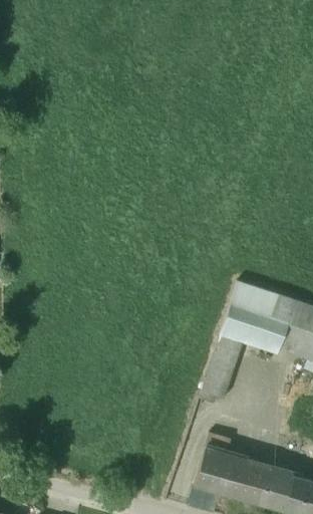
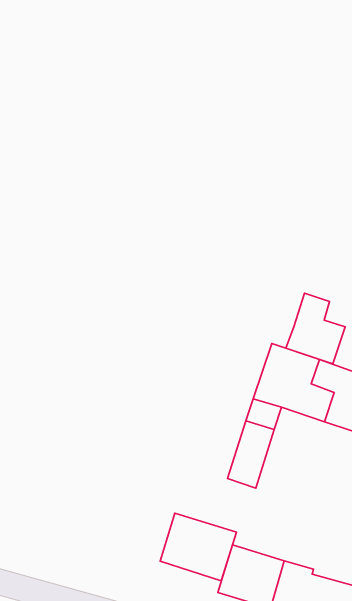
building: none -> [286,293,345,364]
building: none -> [160,513,236,581]

